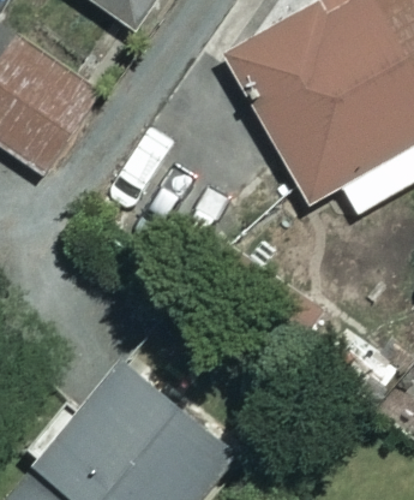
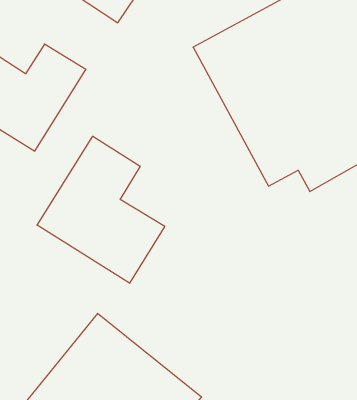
building: none -> [37,136,165,283]

